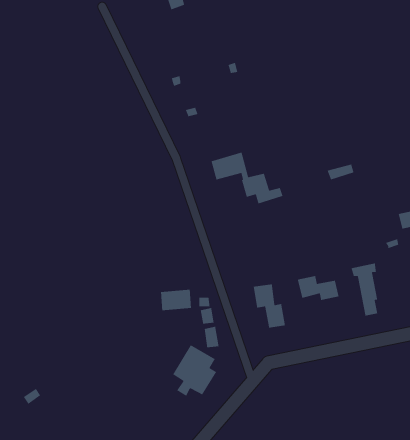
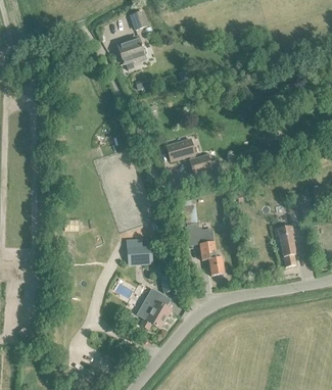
building: none -> [115,35,146,64]
building: [297,275,339,301] -> none

